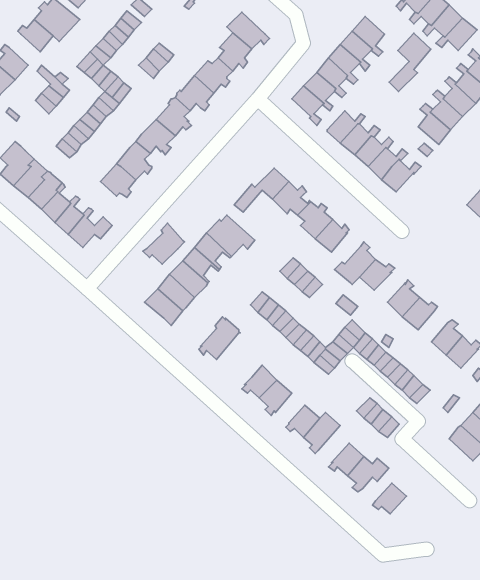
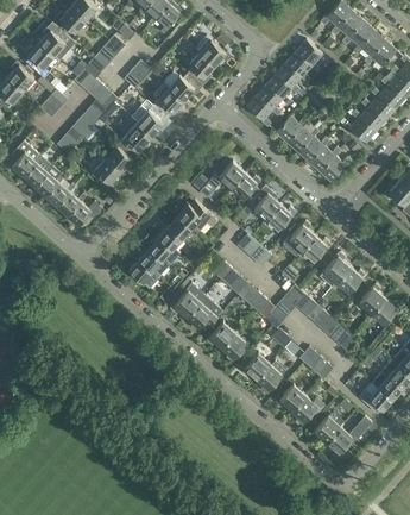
building: [389,33,431,92] -> none
building: [143,223,185,264] -> none
building: none -> [185,295,221,329]
building: none -> [358,381,392,413]
building: none -> [326,416,371,456]

